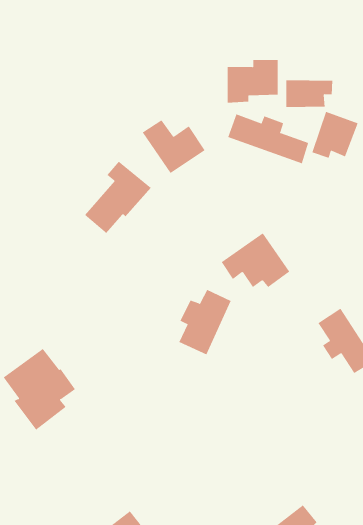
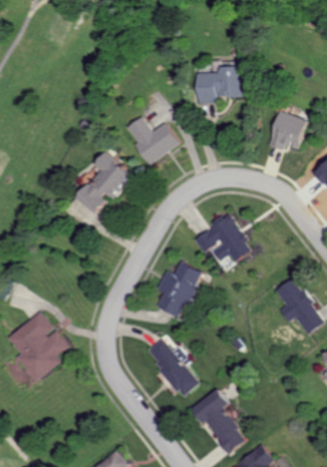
building: [286,80,333,108] -> none
building: [228,114,309,164] -> none
building: none -> [144,339,198,397]
building: none -> [192,390,246,455]

